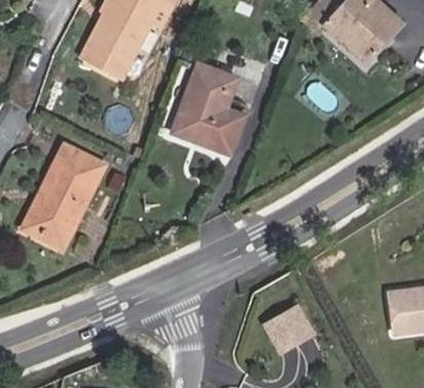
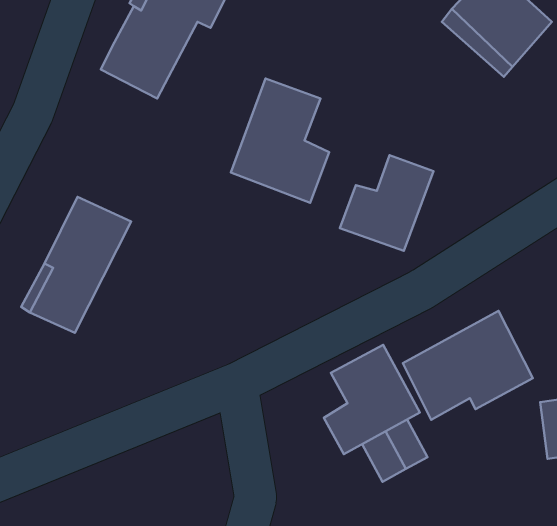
building: none -> [340,155,433,251]
building: none -> [403,311,533,420]
building: none -> [324,345,420,454]

